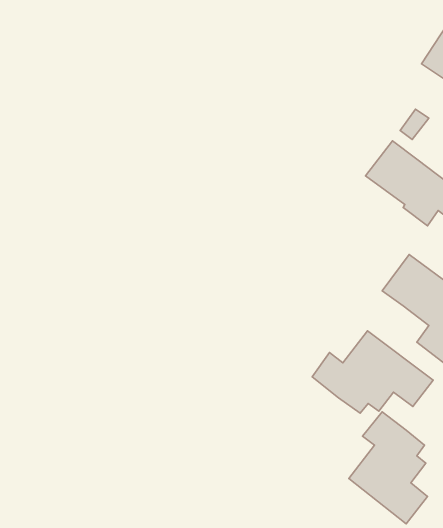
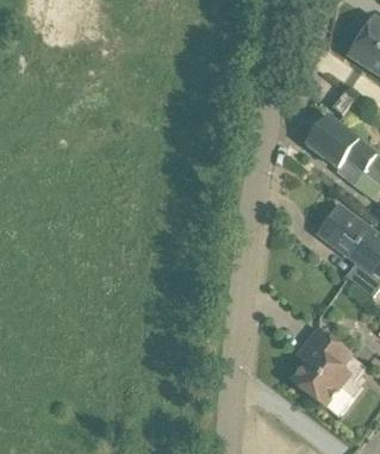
building: [312,331,433,413] -> none

